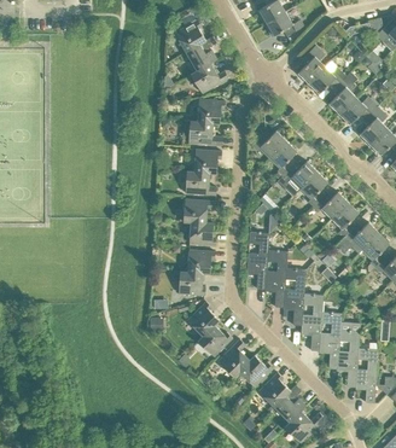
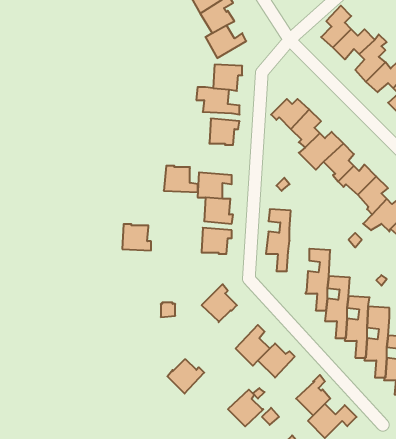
building: [184,170,215,194] -> [164,166,198,192]
building: [264,250,286,307] -> none
building: [177,270,204,295] -> [122,224,151,250]
building: [197,325,231,356] -> [167,359,204,394]
building: [257,372,290,406] -> [228,390,263,426]

